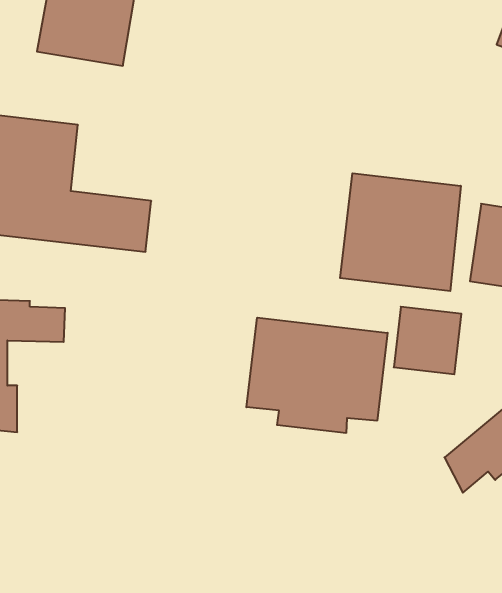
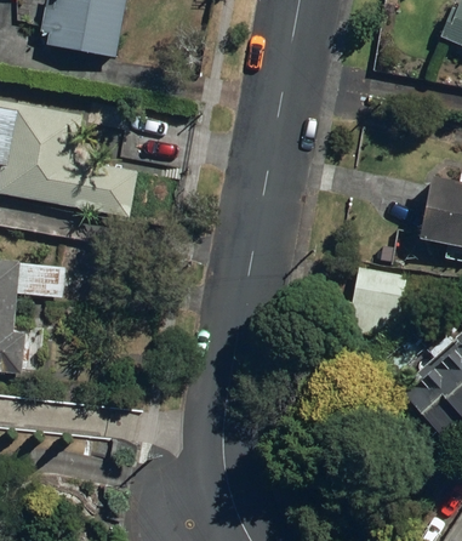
building: [340,173,461,291] -> none
building: [246,318,388,433] -> none

